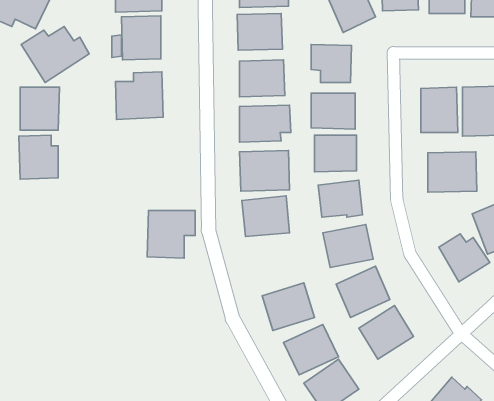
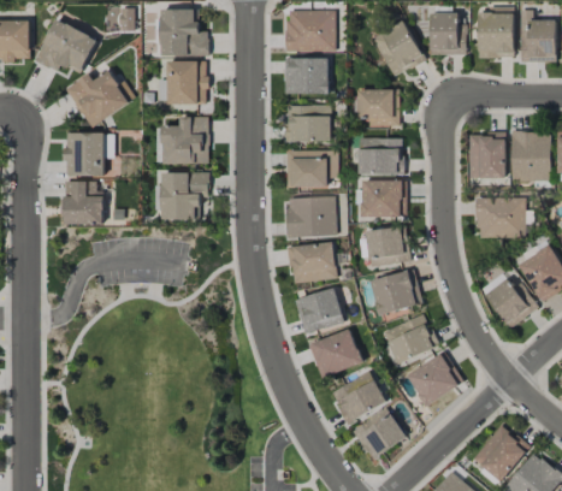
building: [147,210,195,258] -> [160,172,208,220]
building: none -> [295,289,344,333]

